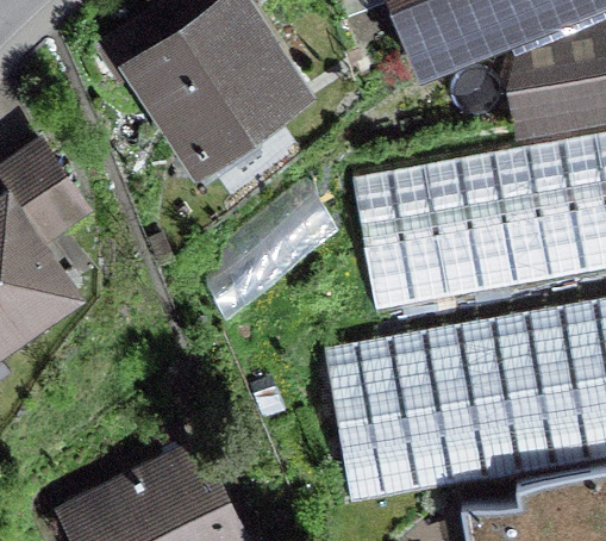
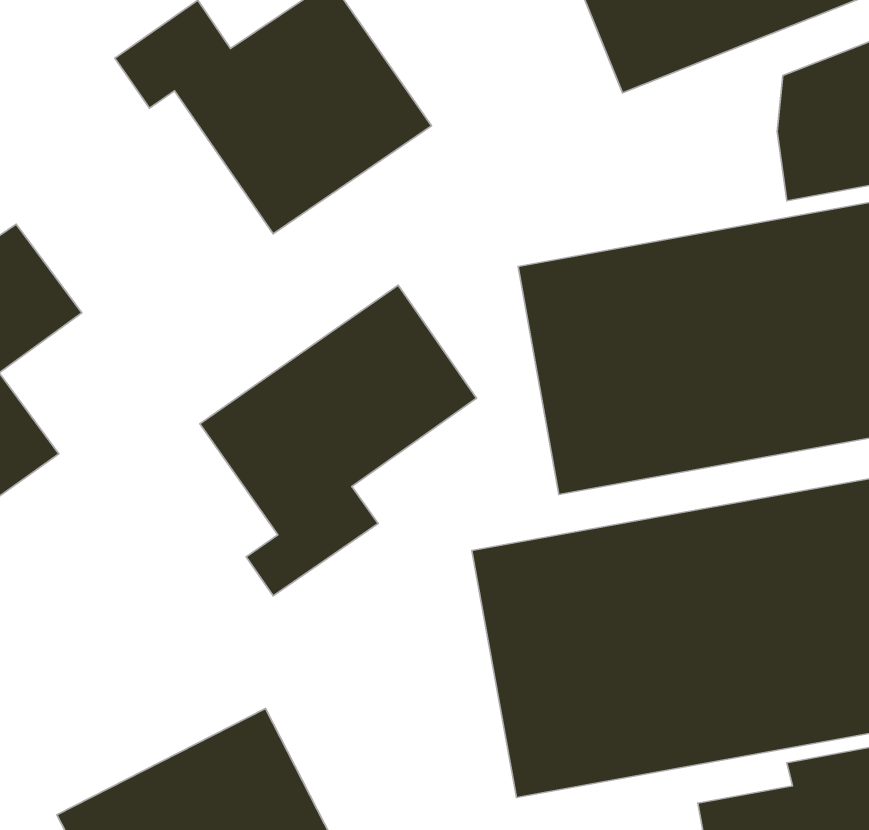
building: none -> [200,285,477,596]

